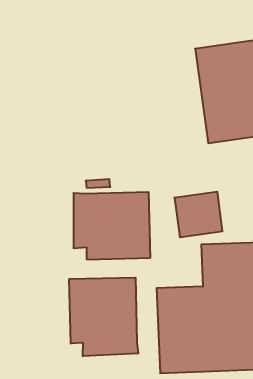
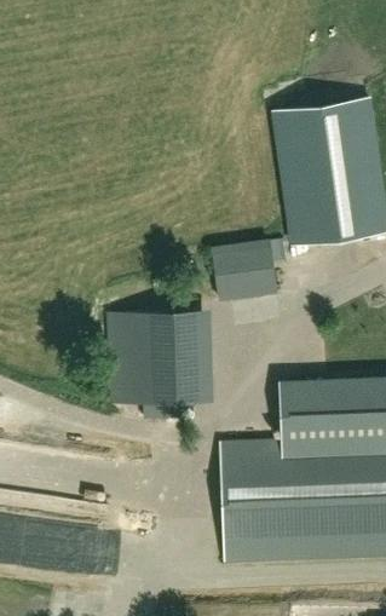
building: [174,192,223,237] -> [209,238,276,301]
building: [69,278,138,356] -> none

